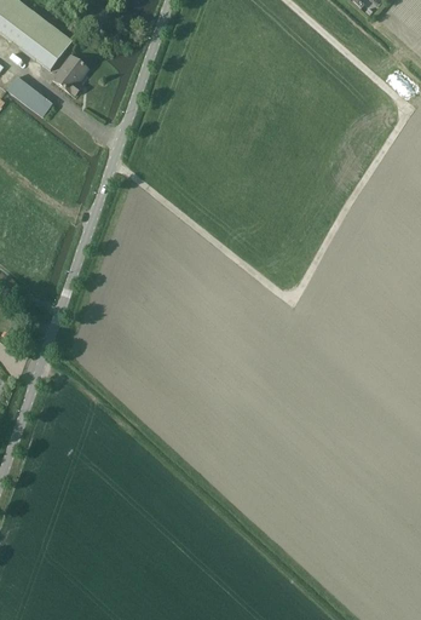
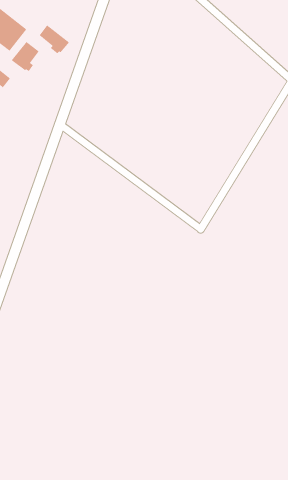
building: none -> [39,25,70,54]

